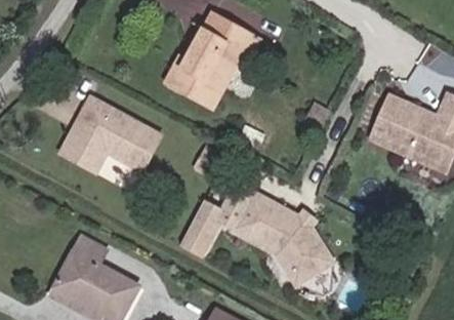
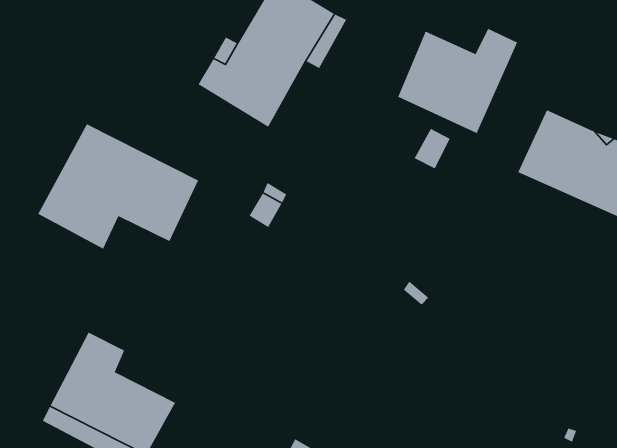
building: none -> [397,28,518,134]
building: [229,196,331,294] -> none
building: [177,197,220,250] -> none

